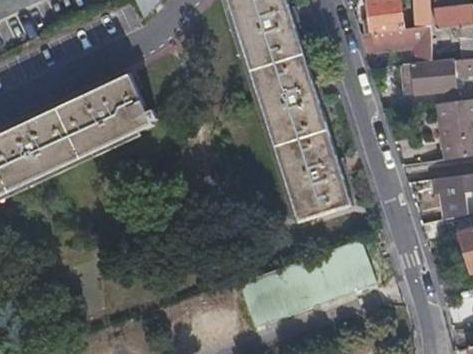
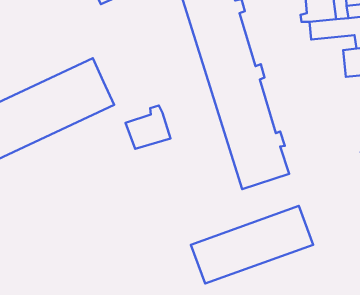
building: none -> [126,105,170,149]

